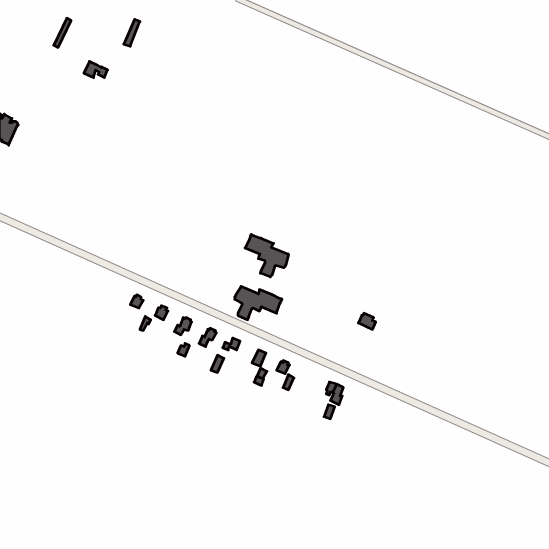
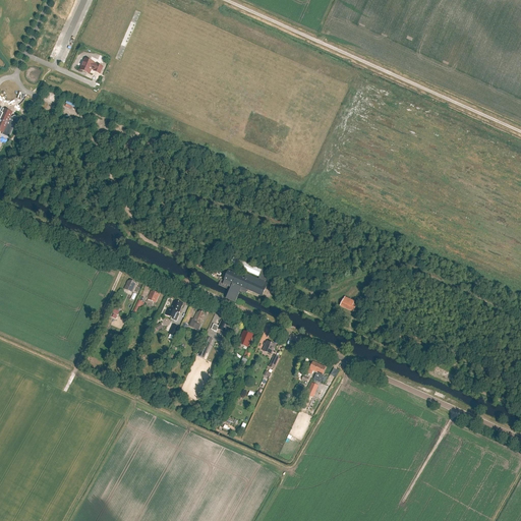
building: [245,234,288,277] -> none

